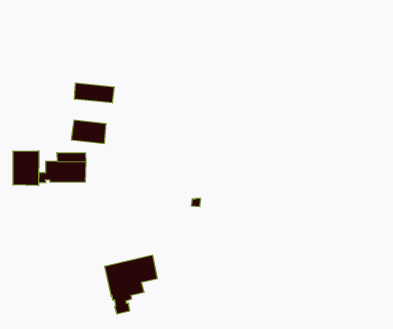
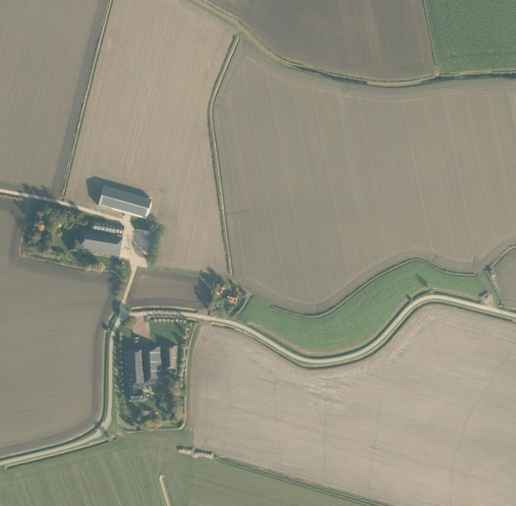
building: [75,83,114,103] -> none
building: [13,151,39,186] -> none

